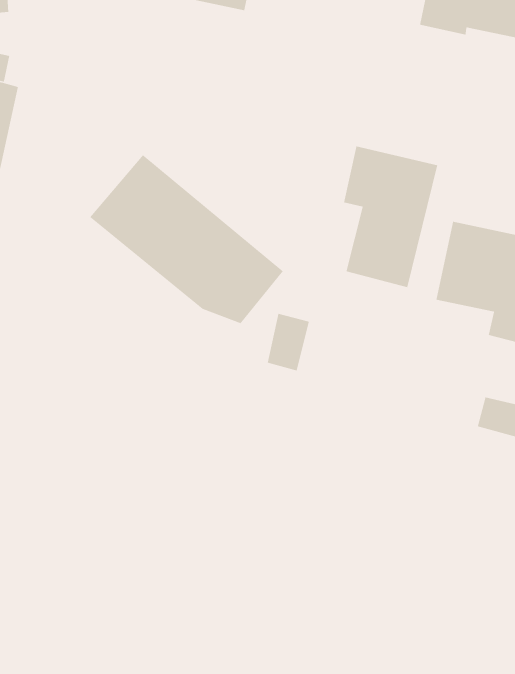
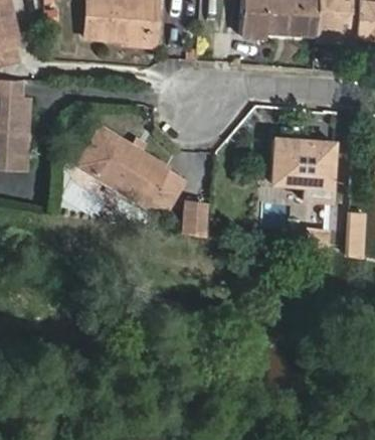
building: [343,146,438,288] -> none

